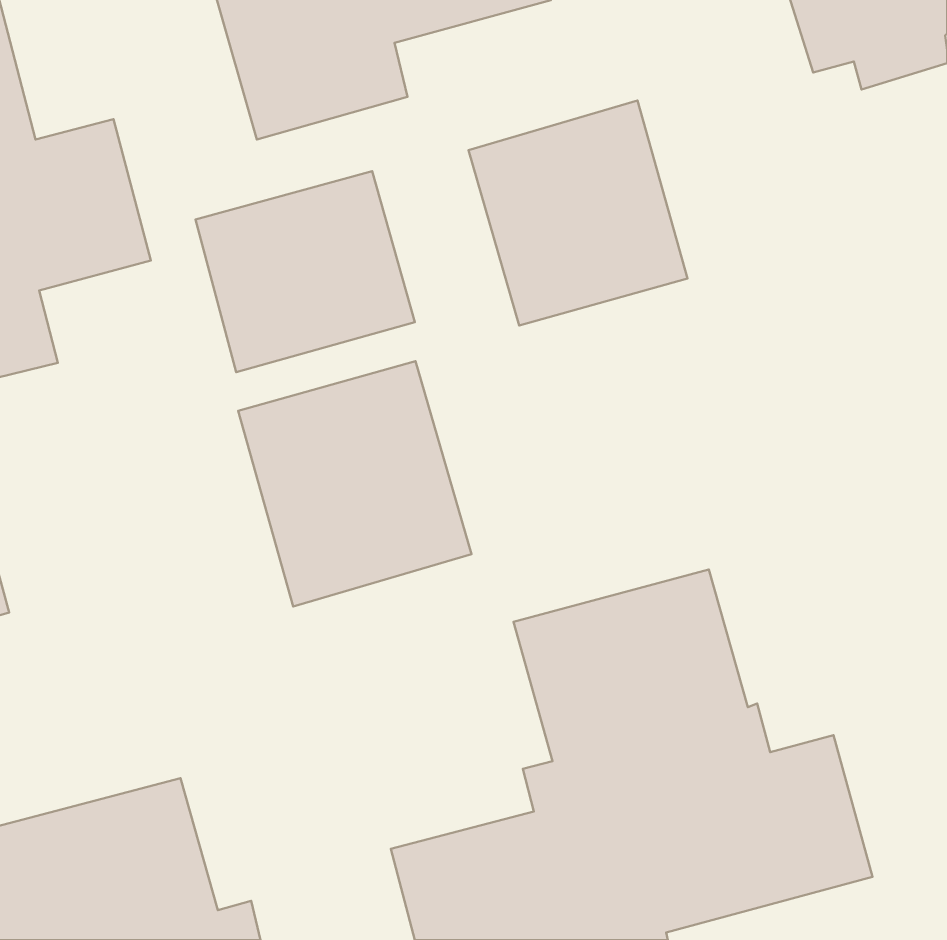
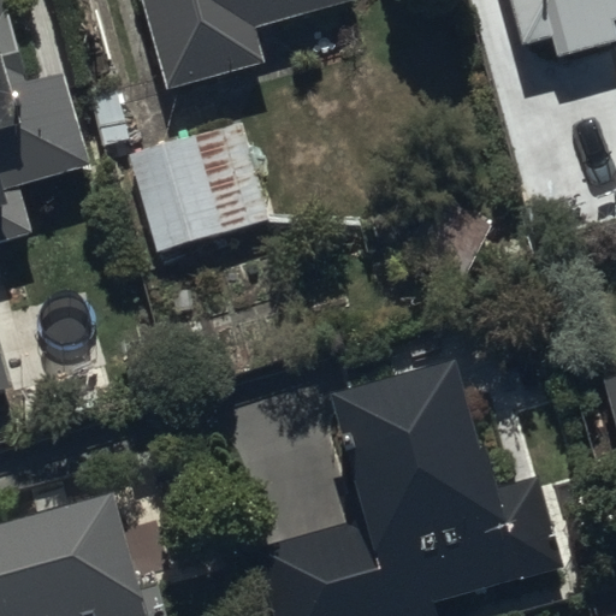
building: [468,101,688,325] -> none
building: [238,361,471,607] -> none

